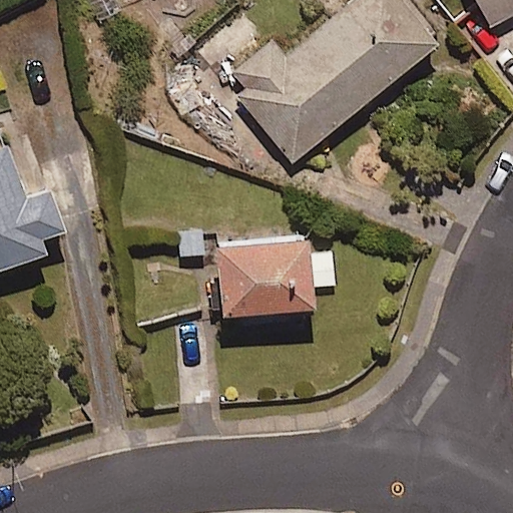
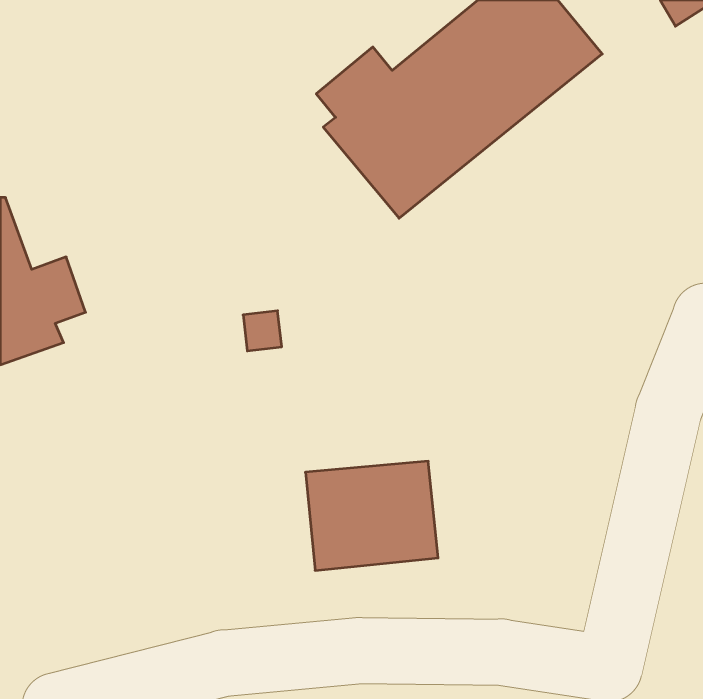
building: [216,237,313,317] -> [305,461,438,570]

